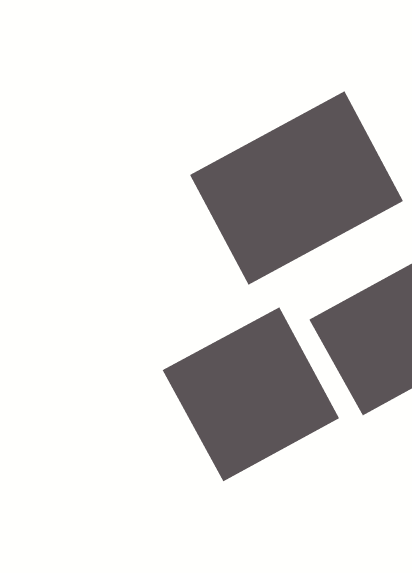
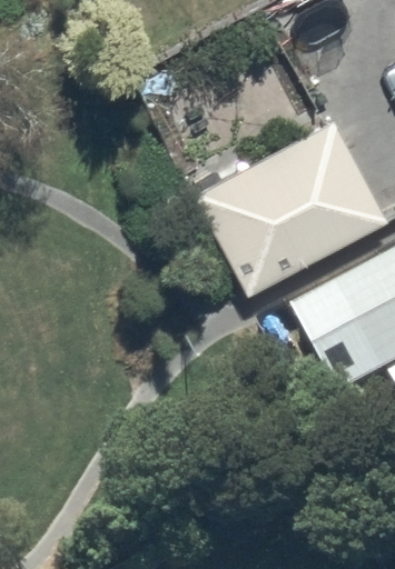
building: [162,307,340,482] -> none

